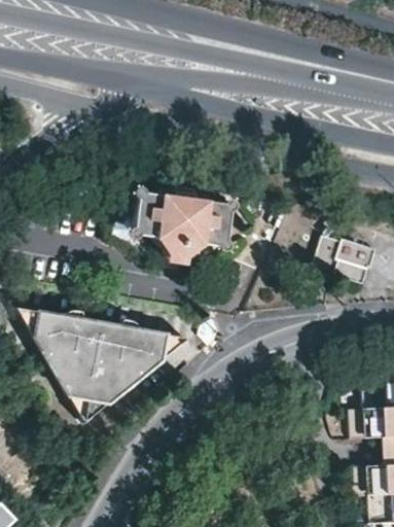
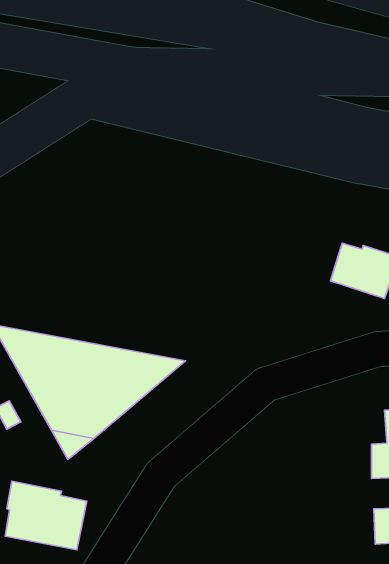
building: [136,179,240,258] -> none
building: none -> [5,481,87,550]

